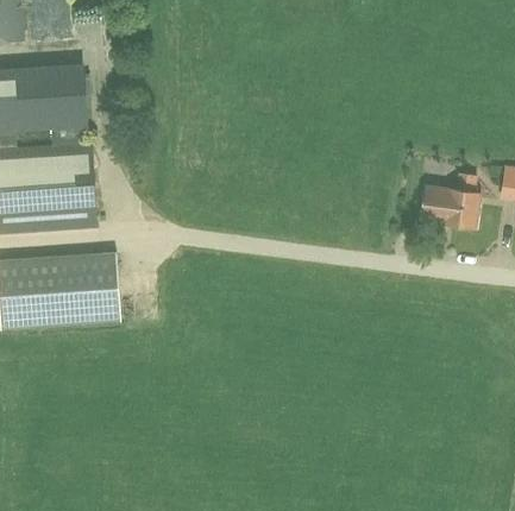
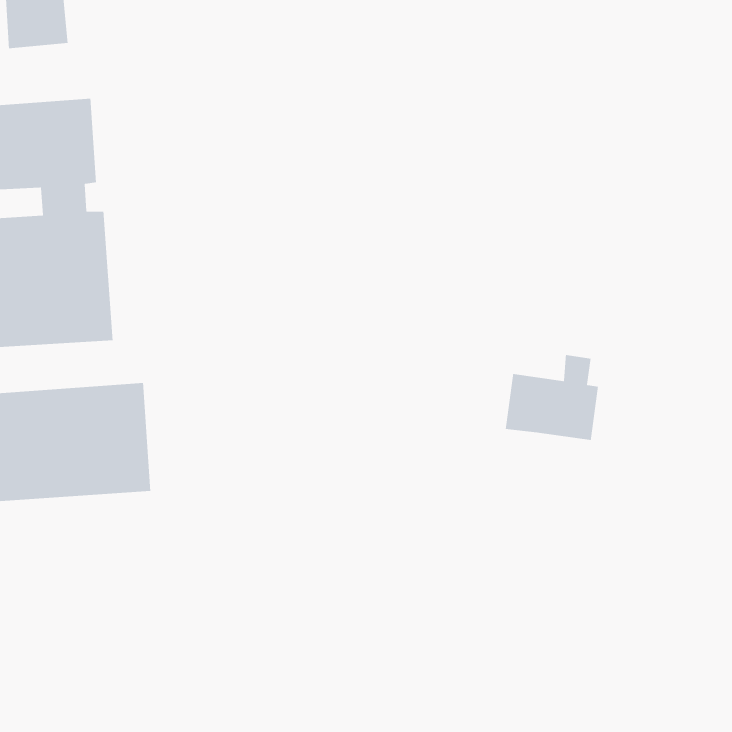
building: [420,172,479,227] -> [505,354,599,441]

